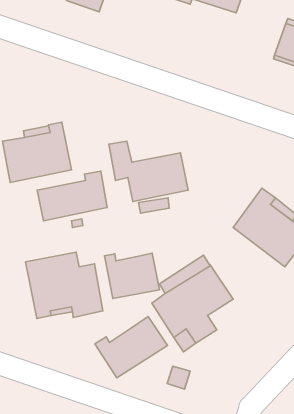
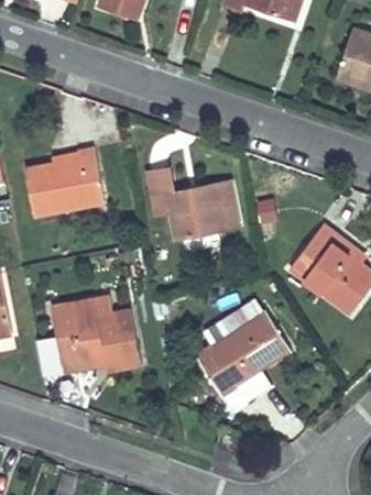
building: [37,171,107,221] -> none
building: [105,253,160,299] -> none
building: [95,316,168,378] -> none

